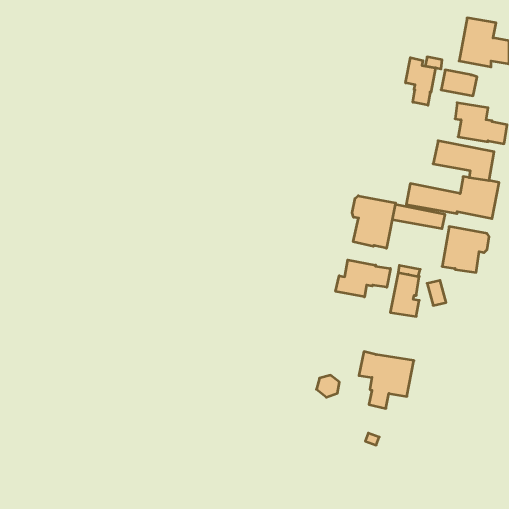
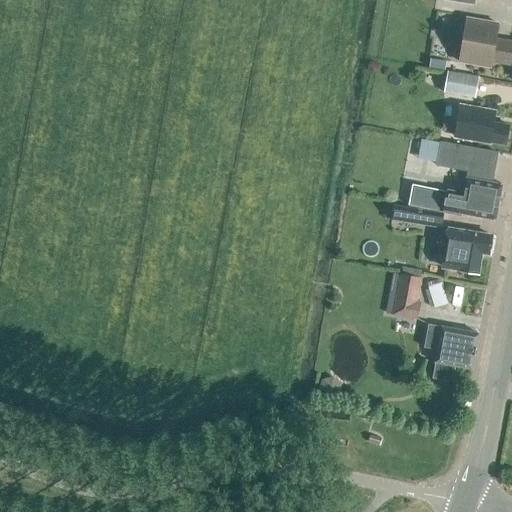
building: [406,58,436,105] -> none
building: [352,196,396,248] -> none
building: [336,260,390,297] -> none
building: [359,352,414,408] -> [422,323,477,380]

